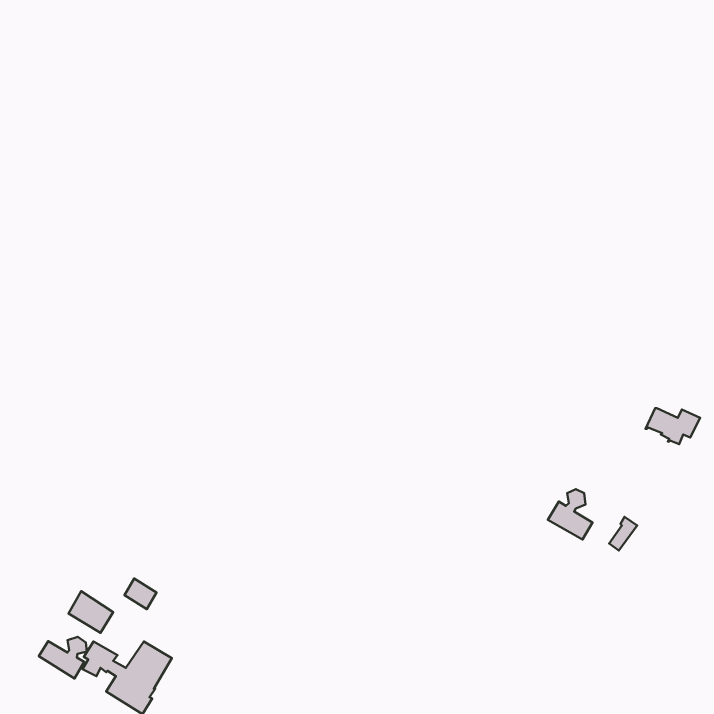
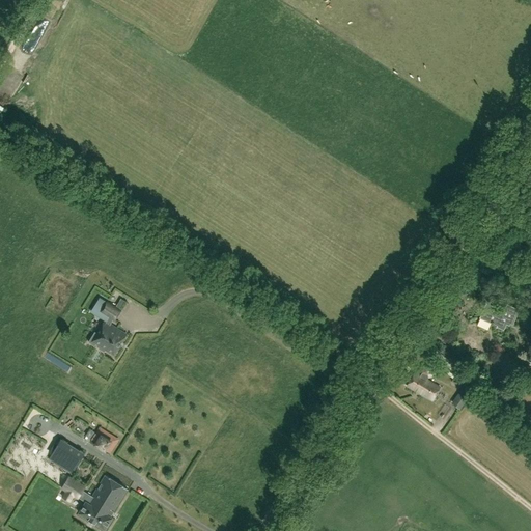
building: none -> [88,299,127,355]
building: [39,637,87,679] -> none

